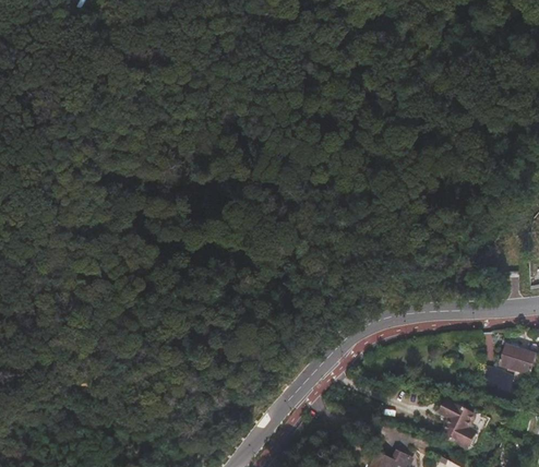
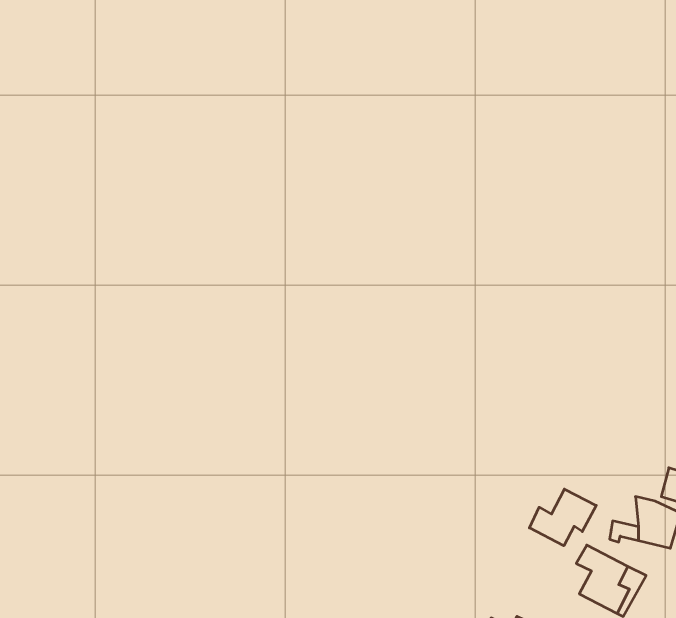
building: none -> [529,489,596,546]

